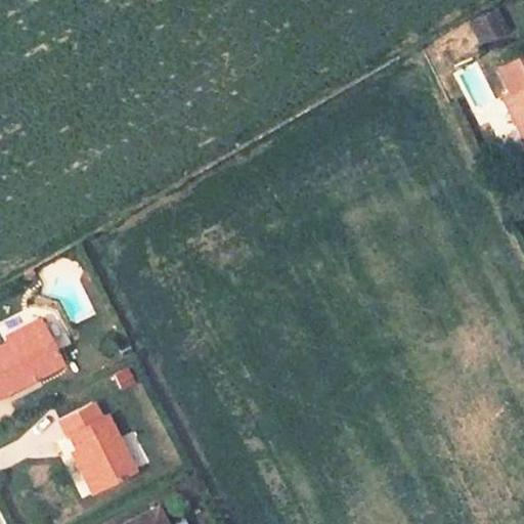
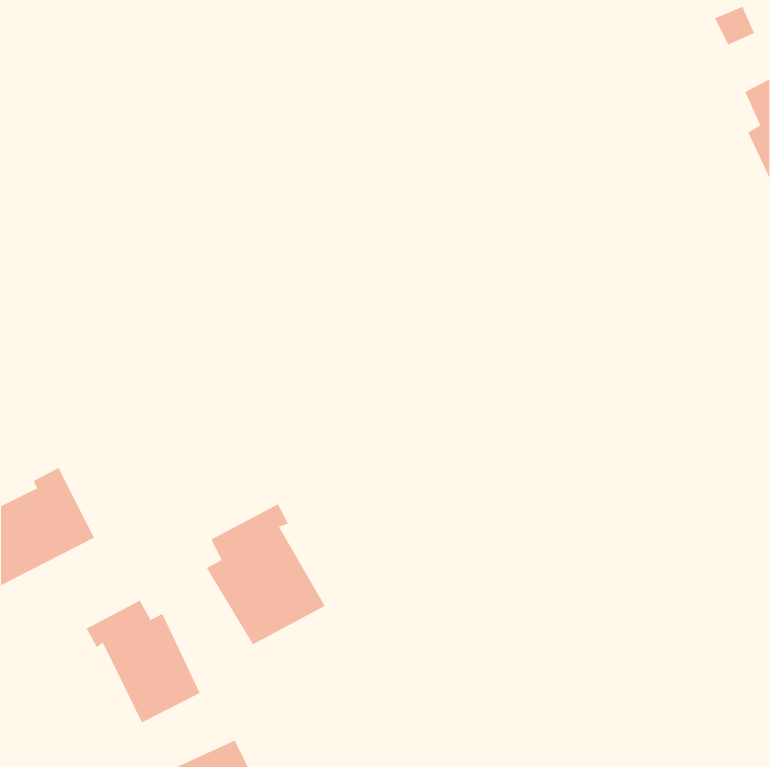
building: none -> [206,504,325,645]

